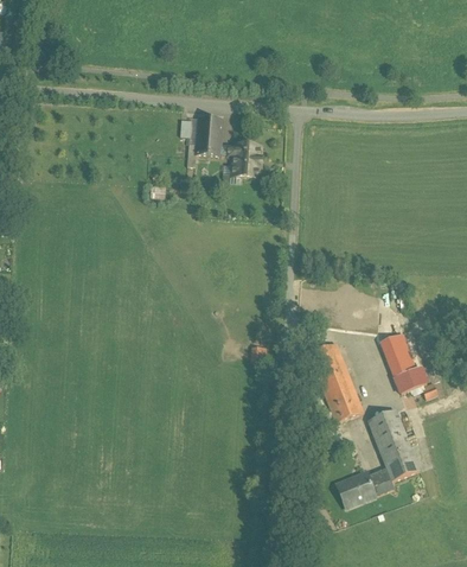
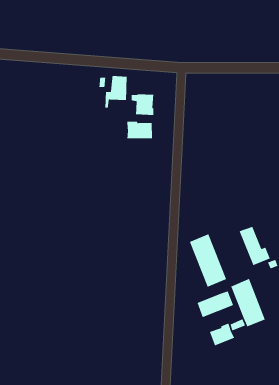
building: none -> [126,121,153,139]
building: none -> [197,290,234,318]

